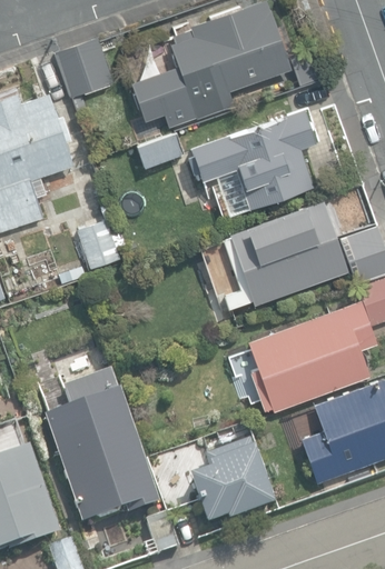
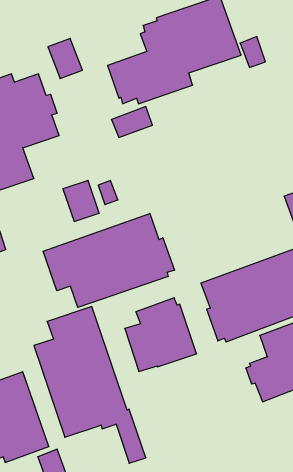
building: [189,109,317,217] -> none
building: [224,199,347,309] -> none
building: none -> [43,213,175,307]
building: [190,439,276,527] -> [125,298,197,371]

